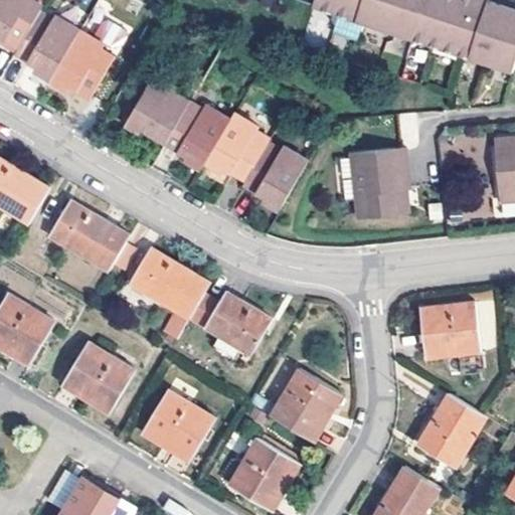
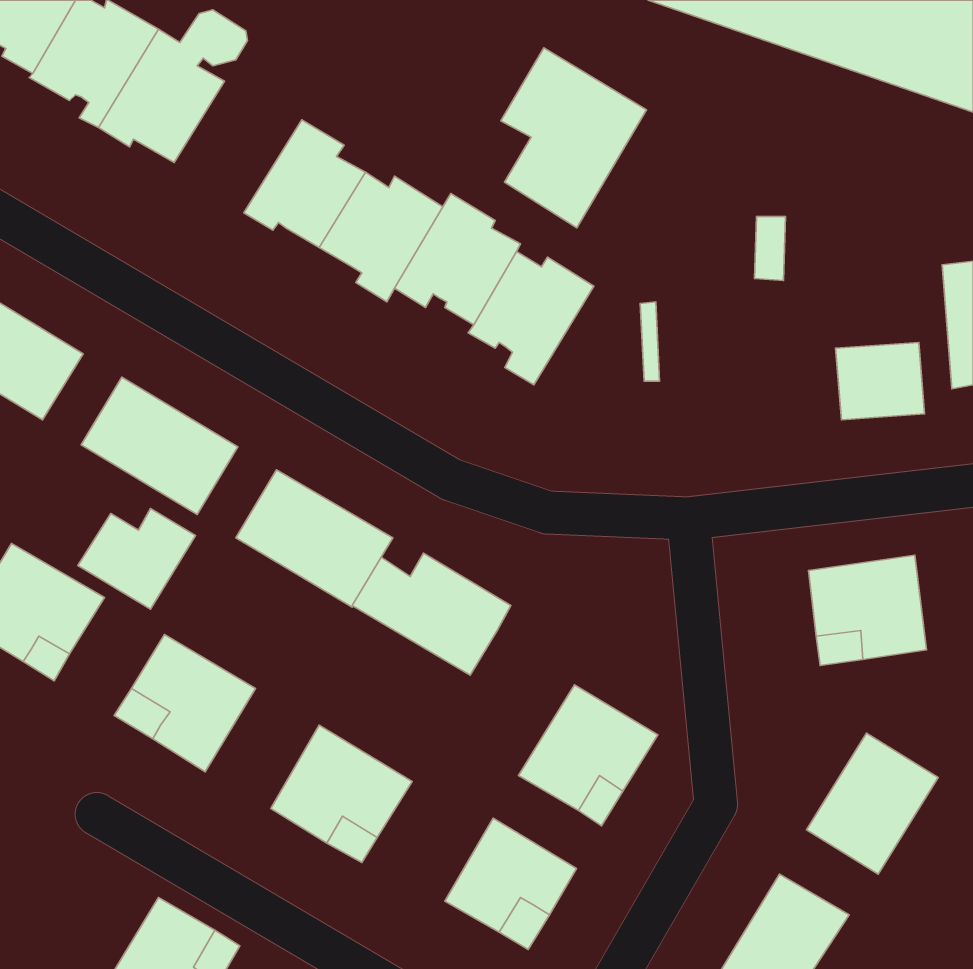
building: none -> [501,48,646,228]
building: [346,158,403,227] -> none
building: none -> [78,509,196,609]

